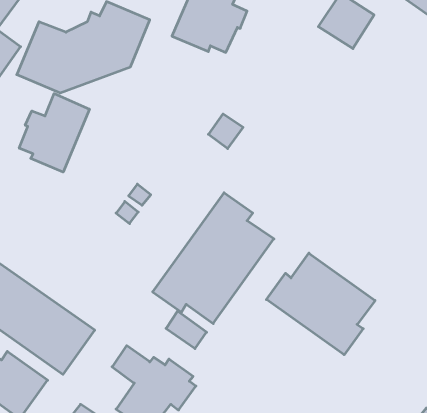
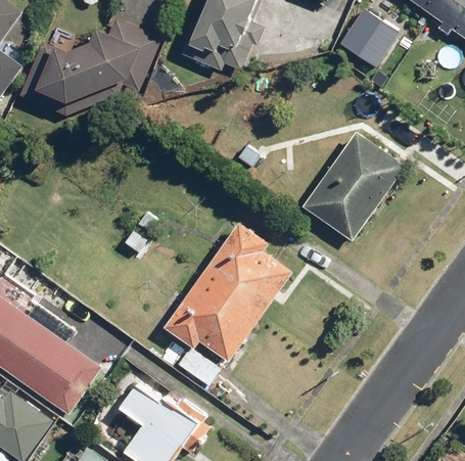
building: [19,94,89,172] -> none
building: none -> [301,131,406,241]
building: [266,253,375,355] -> none

